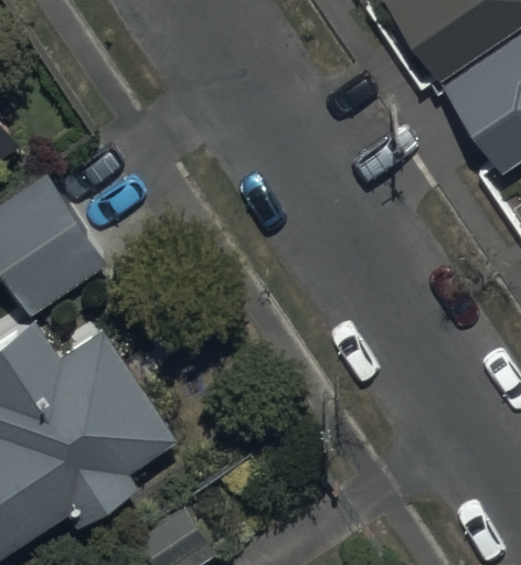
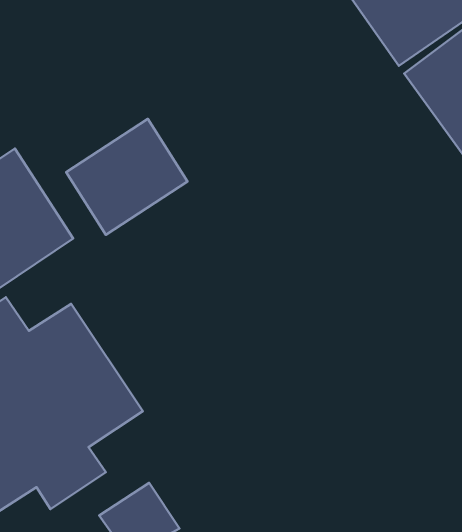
building: none -> [66,119,188,235]

